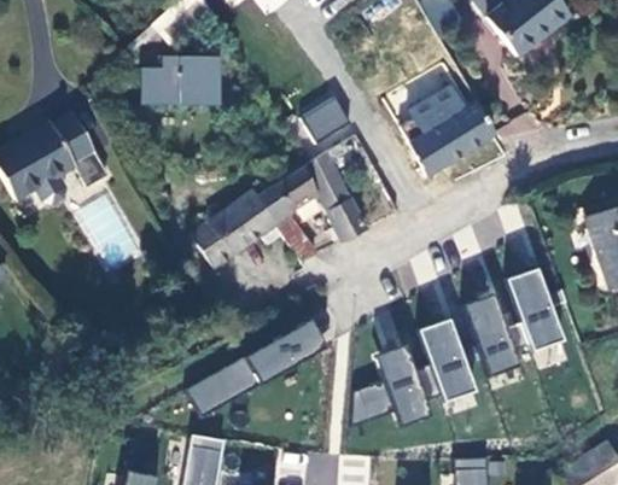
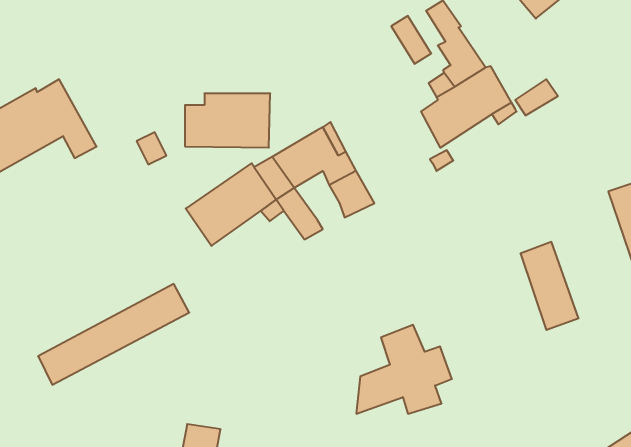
building: [144,55,223,106] -> [185,93,270,148]
building: [302,95,351,142] -> none
building: [460,291,517,374] -> none
building: [418,316,473,399] -> none
building: [188,319,330,413] -> [38,284,189,385]

